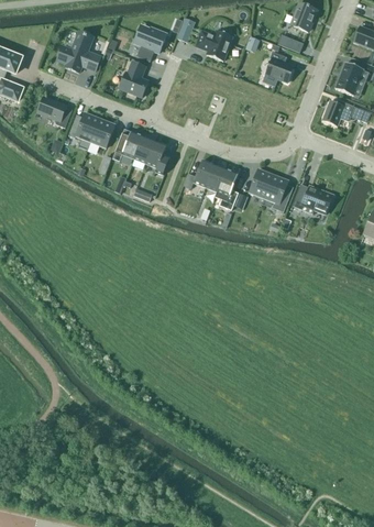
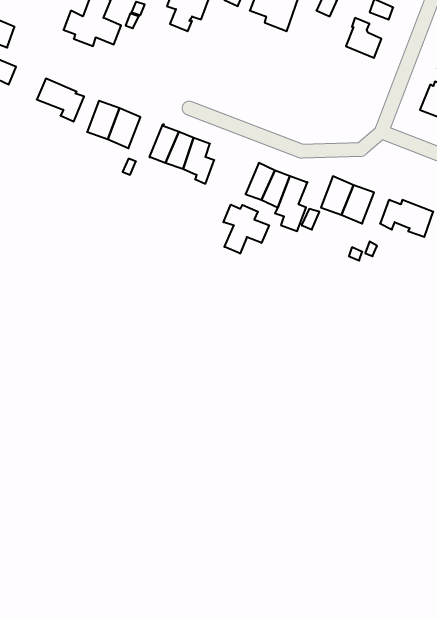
building: [119,61,147,97] -> none
building: none -> [223,205,269,254]

